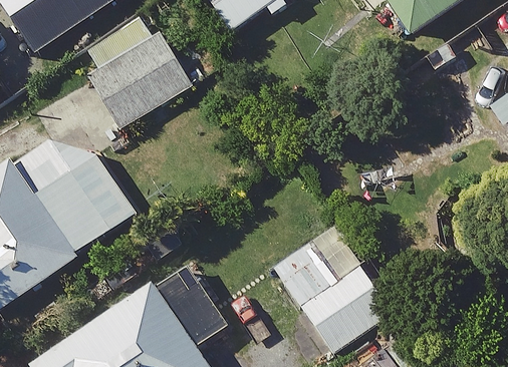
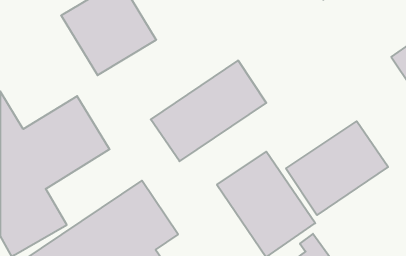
building: none -> [151,60,266,161]
building: none -> [286,121,388,215]

